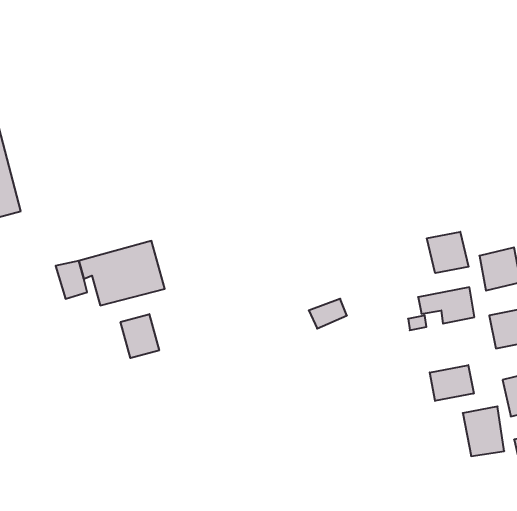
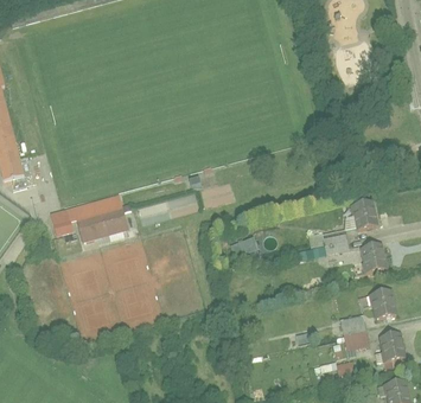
building: [427,232,469,273] -> none
building: [121,314,159,358] -> none
building: [430,365,474,401] -> none

